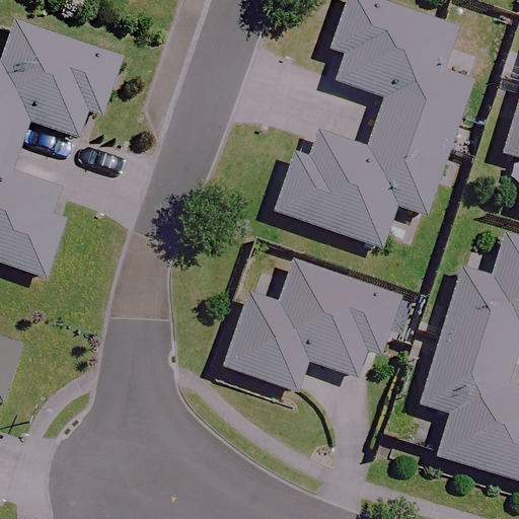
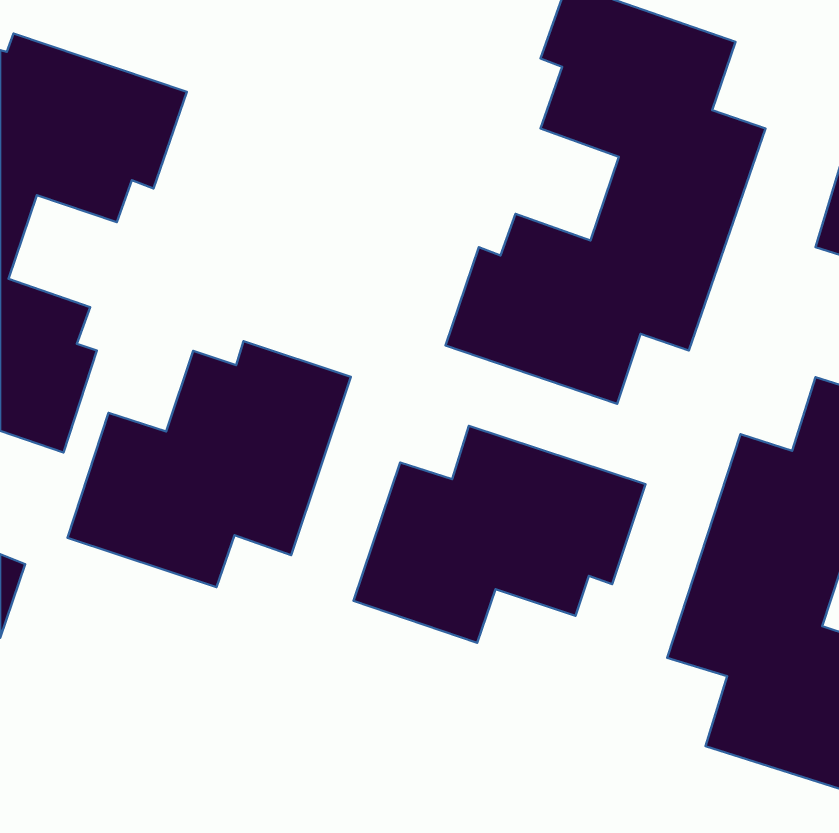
building: none -> [68,341,351,587]

